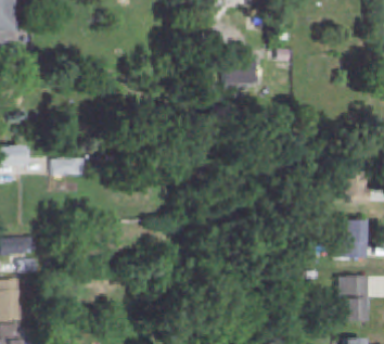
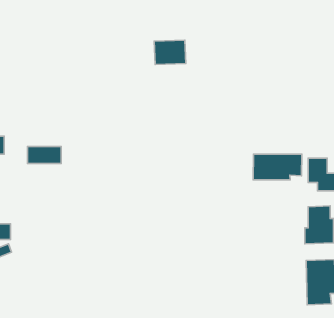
building: [225,59,257,84] -> [154,40,186,65]
building: none -> [253,154,302,180]

